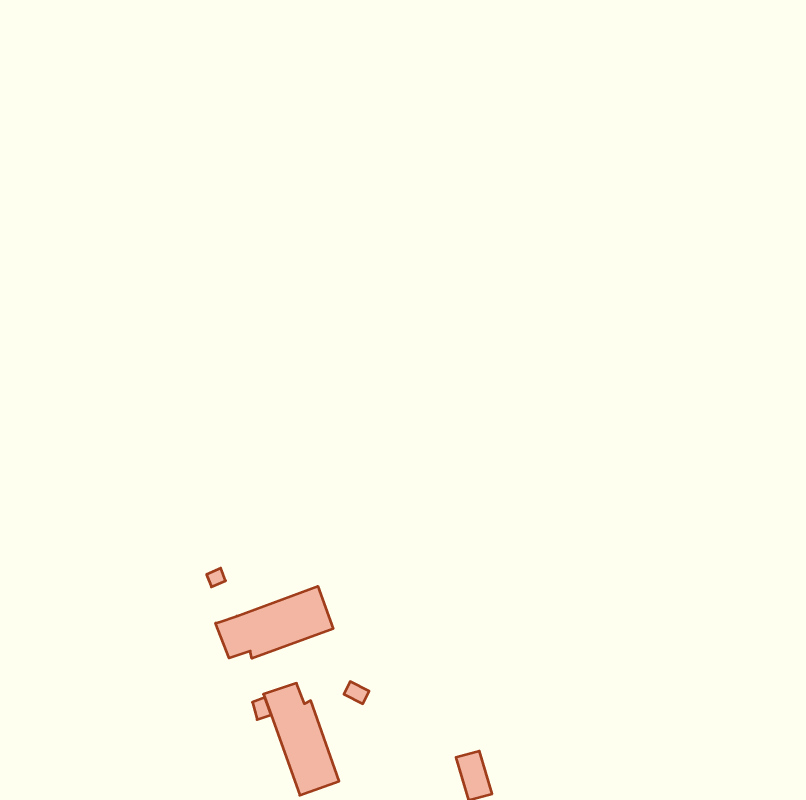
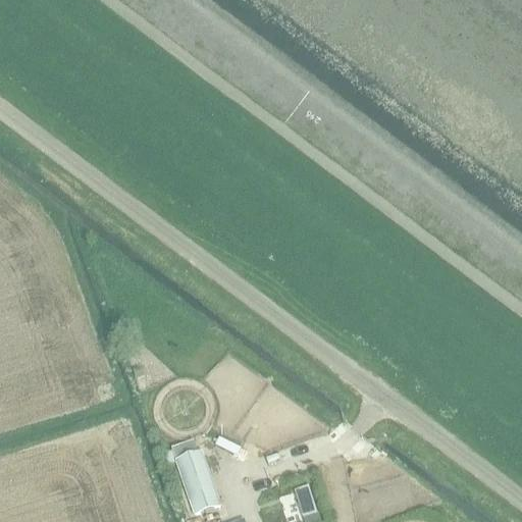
building: [216,586,333,658] -> none

